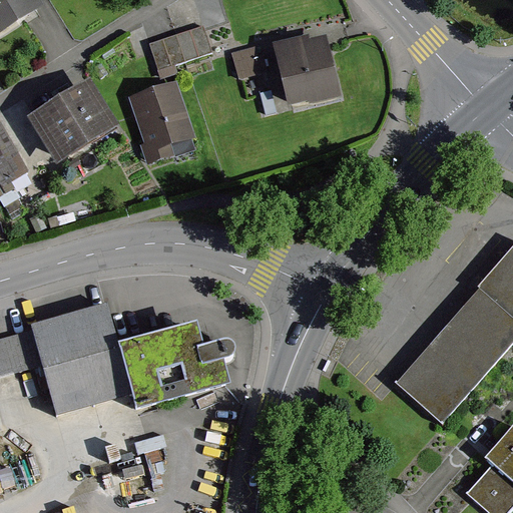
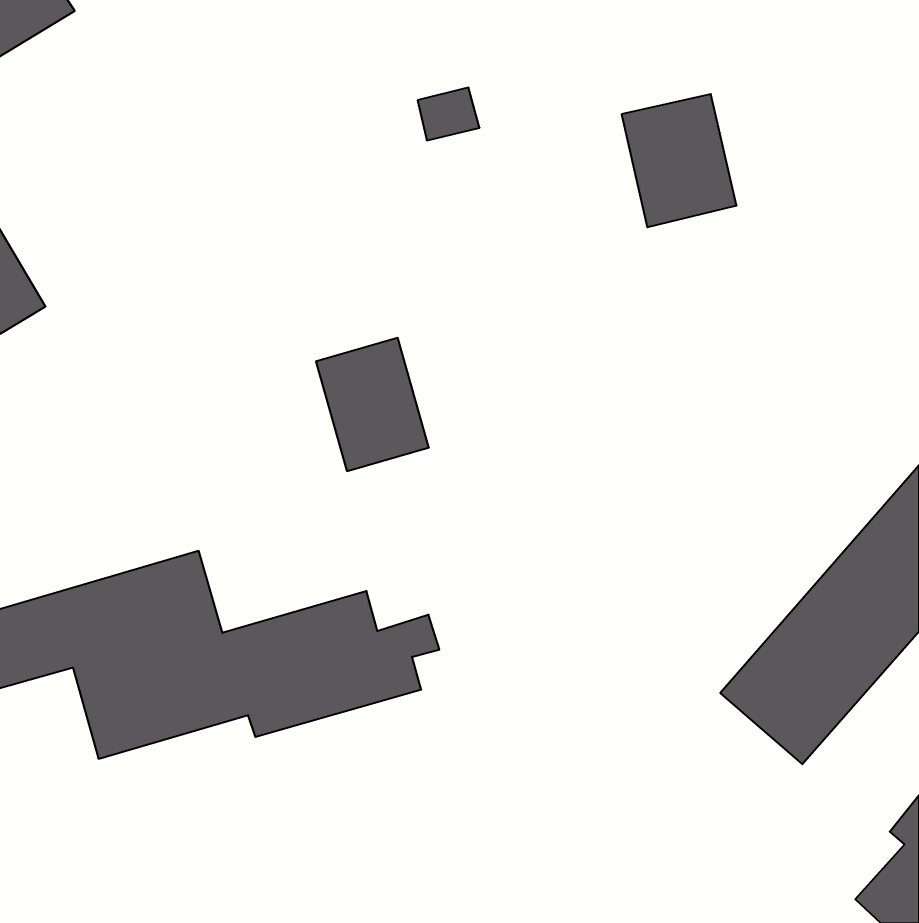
building: [148,27,208,69] -> none
building: [276,34,339,107] -> [622,94,737,227]
building: [129,79,191,152] -> [316,338,429,471]
building: [30,81,114,159] -> none

